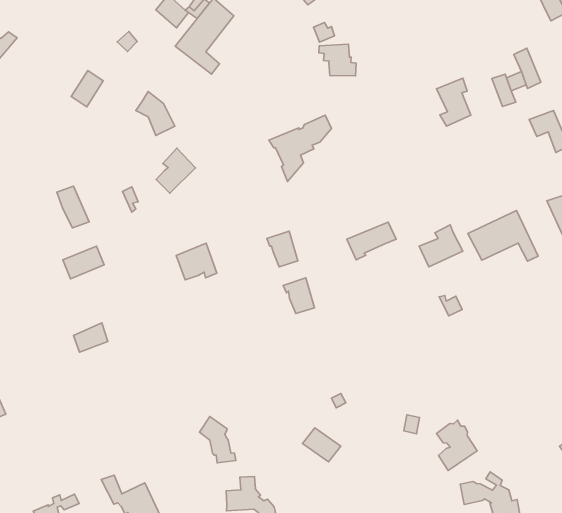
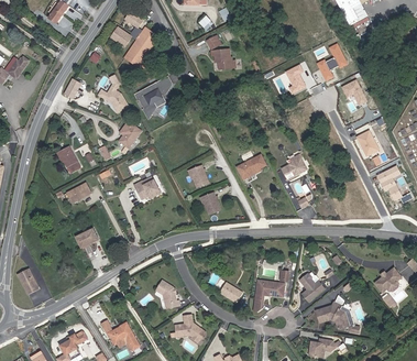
building: [269,115,332,182] -> [134,76,172,118]
building: [468,210,538,261] -> none
building: none -> [253,280,284,310]

